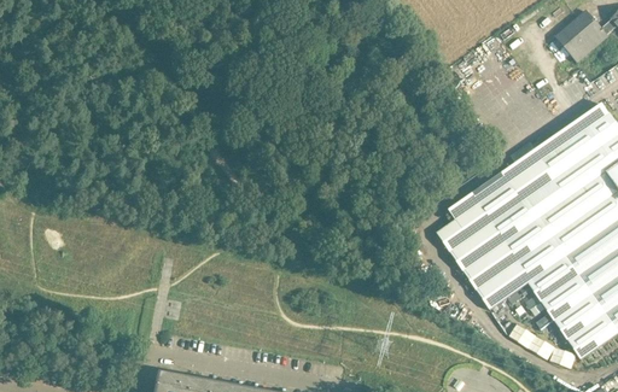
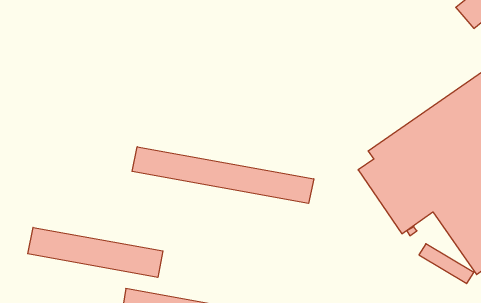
building: none -> [132,147,314,203]
building: none -> [28,227,163,277]

